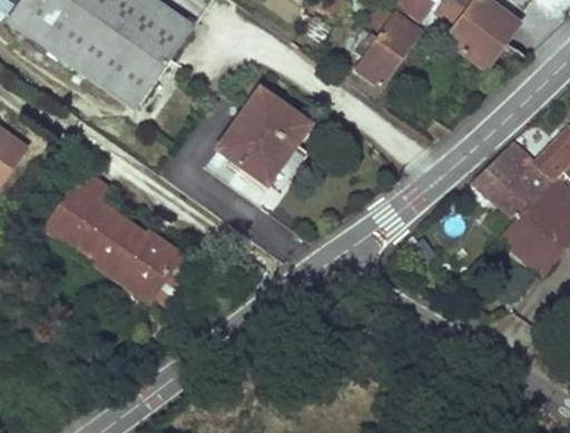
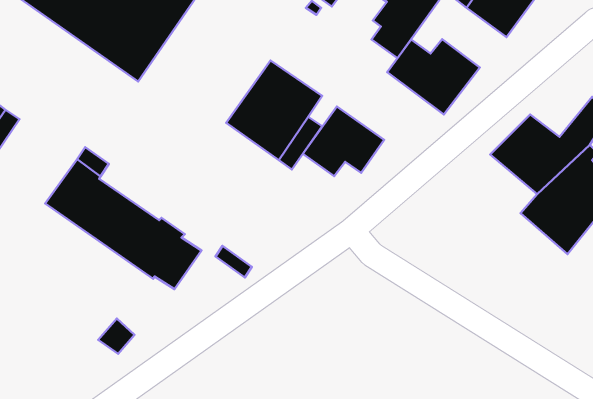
building: none -> [387,39,480,115]
building: none -> [303,106,384,176]

